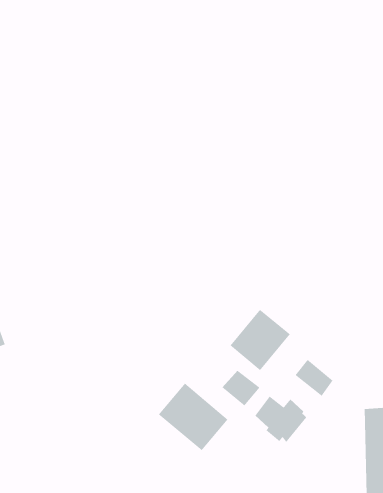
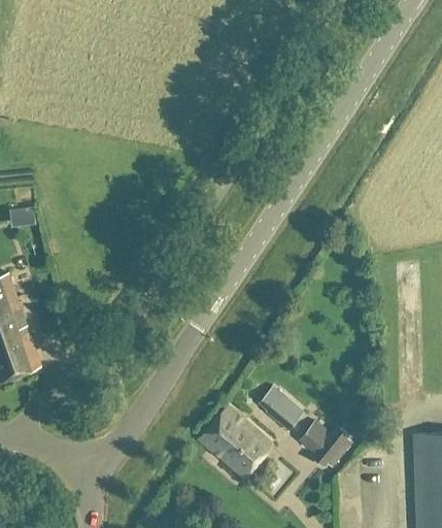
building: [229,309,291,371] -> none
building: [295,359,334,397] -> none

